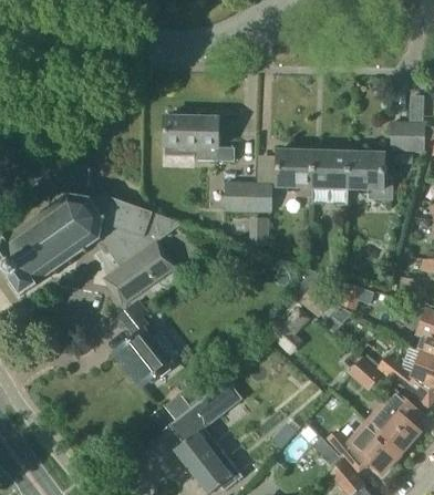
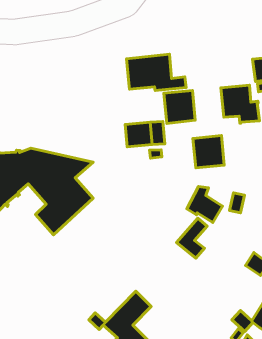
building: [164,116,234,161] -> [127,54,186,91]
building: [312,151,349,188] -> [193,136,224,168]
building: [113,301,169,385] -> none

